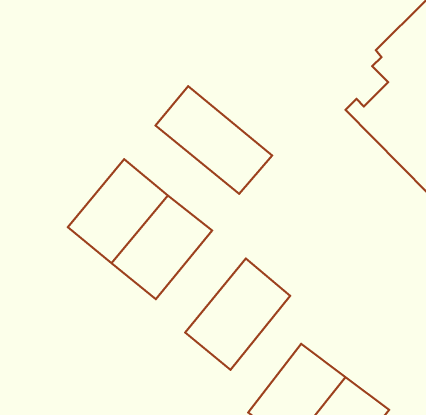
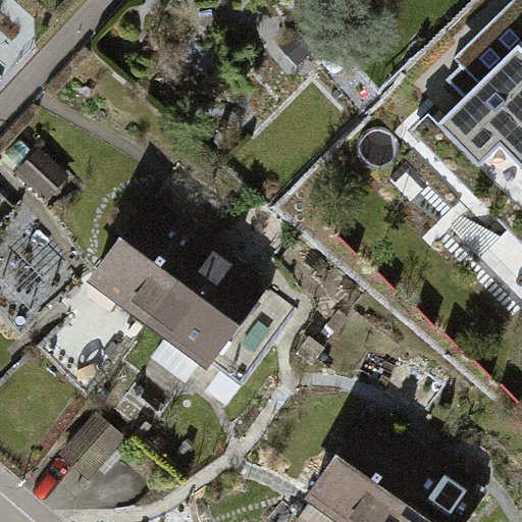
building: [155,86,272,194] -> none
building: [185,258,290,370] -> none

